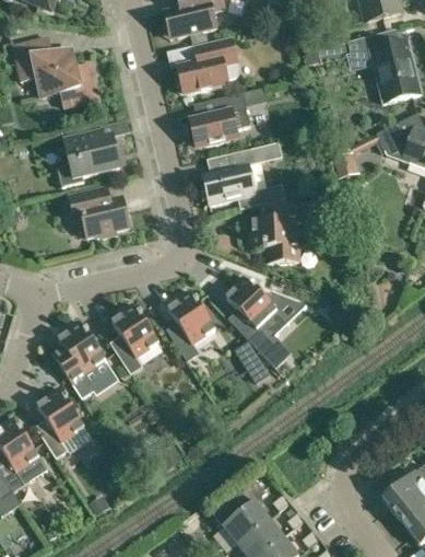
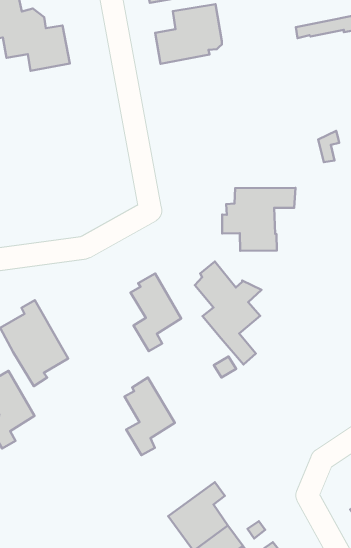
building: [189,94,250,148] -> none
building: [57,130,120,186] -> none
building: [202,148,285,209] -> none
building: [69,188,129,237] -> none
building: [111,302,160,374] -> [125,378,175,455]

